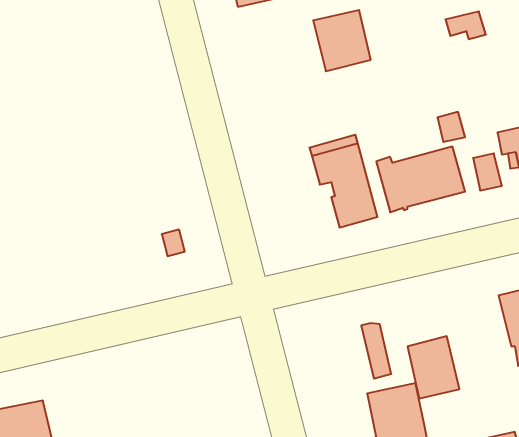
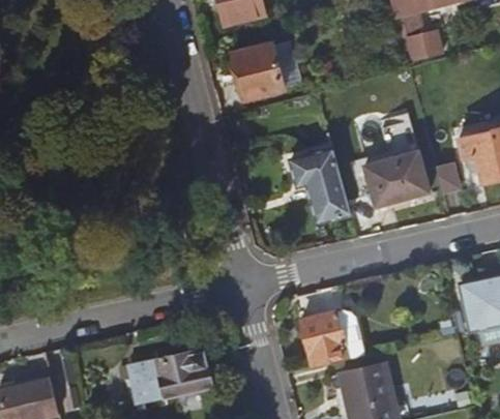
building: [313,10,371,71] -> [231,44,283,99]
building: [408,336,459,399] -> [300,311,347,367]
building: none -> [128,350,212,402]

